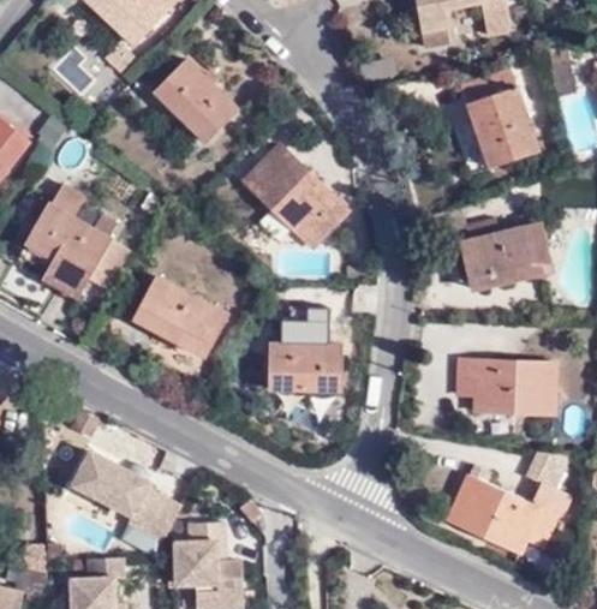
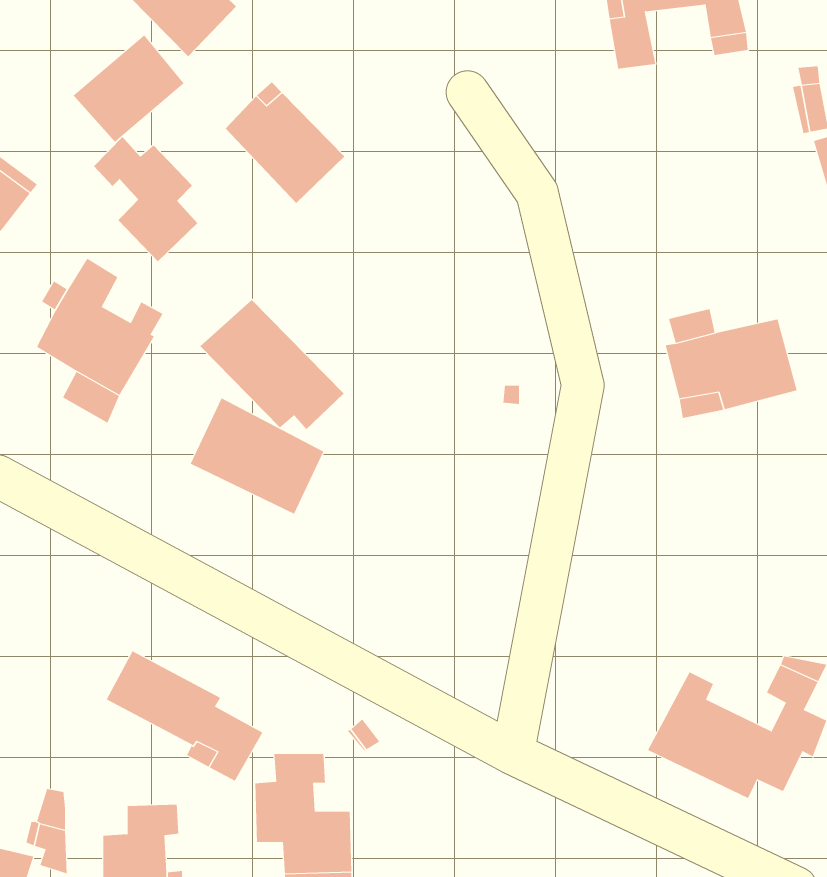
building: [462,68,539,169] -> none
building: none -> [93,136,198,262]
building: [243,148,342,238] -> [200,299,344,430]
building: [264,328,336,390] -> none
building: [453,357,551,414] -> none

